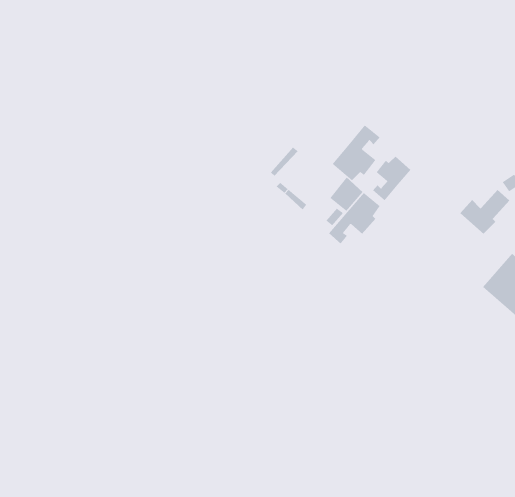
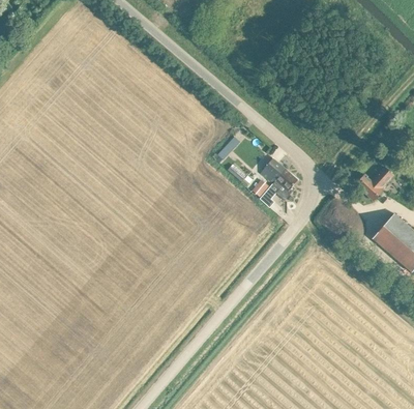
building: [332,124,381,181] -> none
building: [372,156,411,201] -> none

